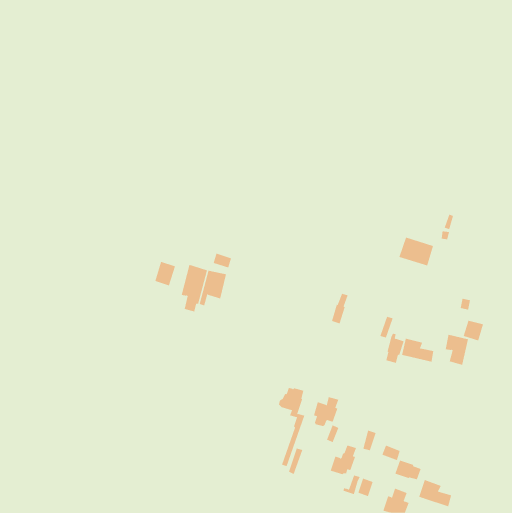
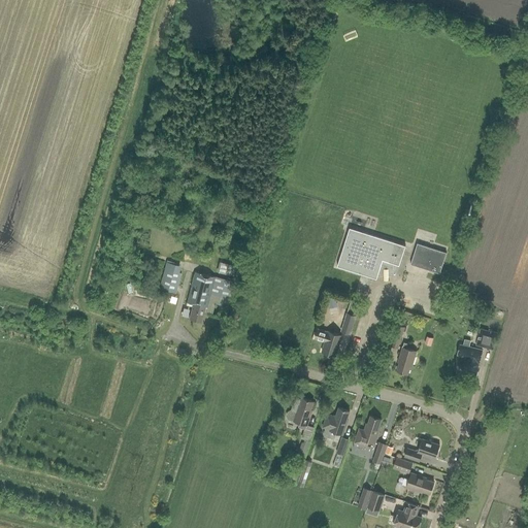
building: none -> [336,228,404,278]
building: none -> [315,328,341,356]
building: [401,338,434,363] -> none
building: none -> [404,438,438,461]
building: [330,445,357,475] -> [353,416,381,447]
building: [419,479,452,507] -> none

